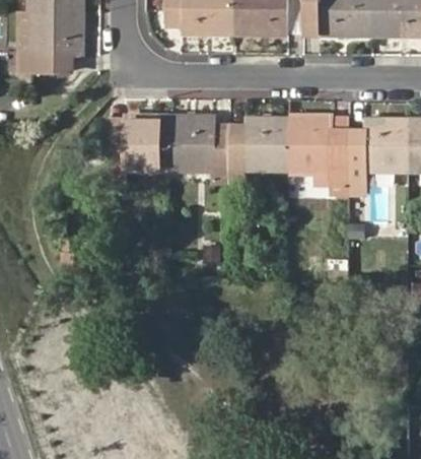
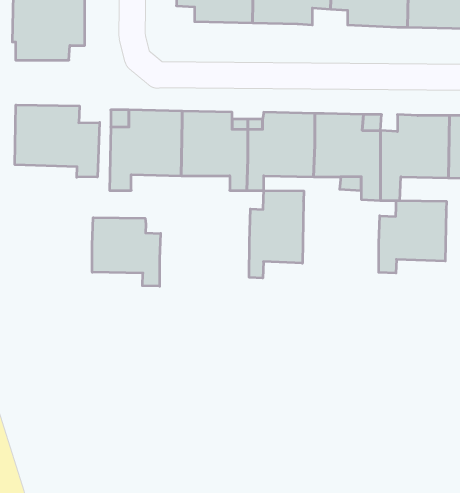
building: none -> [15,105,100,177]
building: none -> [249,190,304,278]
building: none -> [379,201,446,273]
building: none -> [92,218,161,286]

